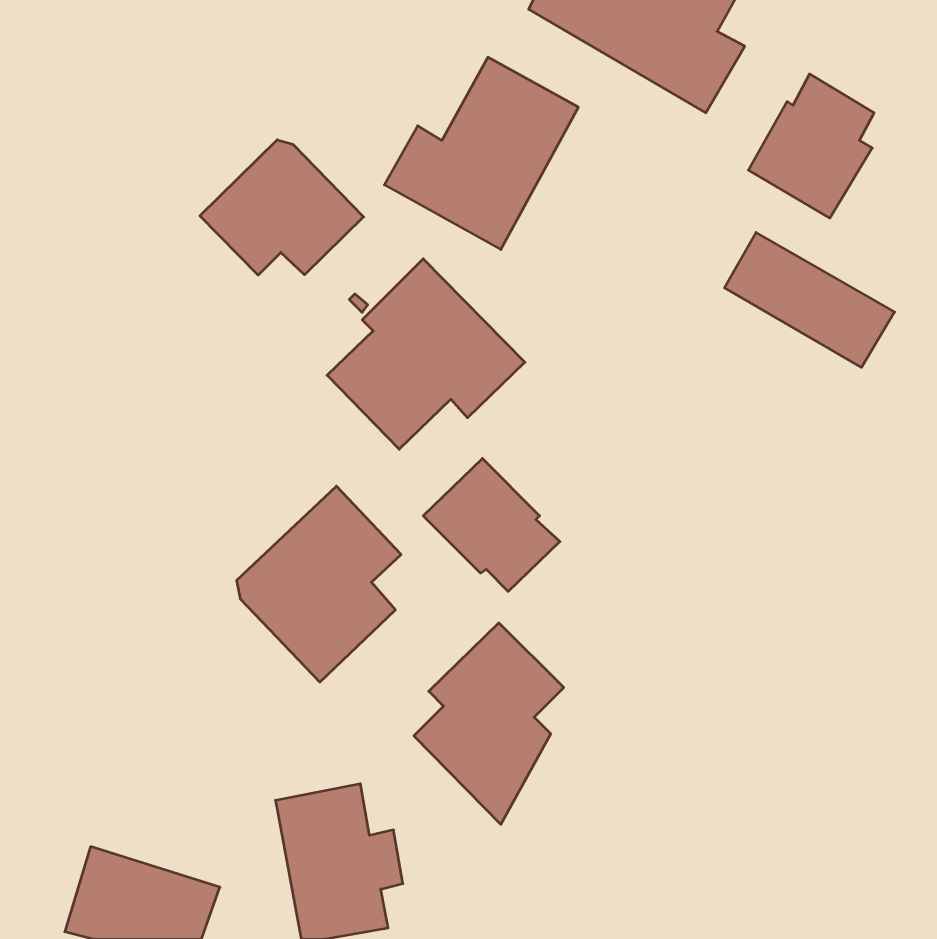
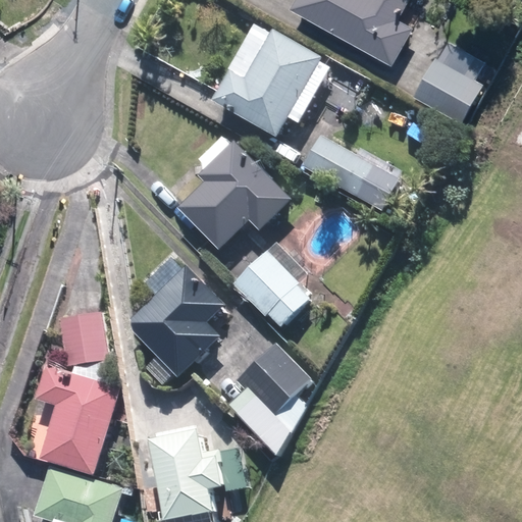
building: [200,140,364,275] -> none
building: [725,232,895,367] -> [303,136,397,210]
building: none -> [61,314,106,365]
building: none -> [36,367,119,473]

